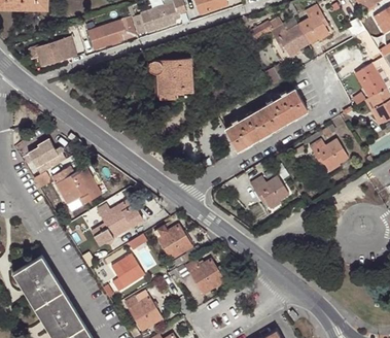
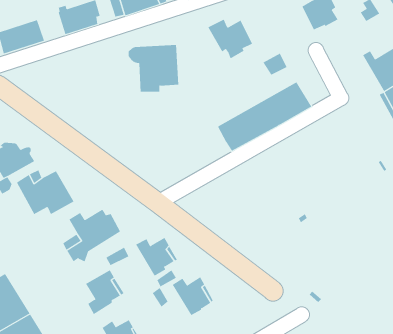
building: [269,24,308,59] -> [208,19,253,59]
building: [310,139,348,170] -> none
building: [250,176,288,207] -> none

